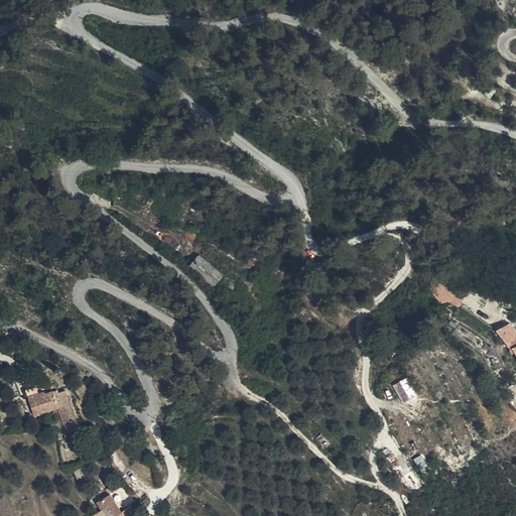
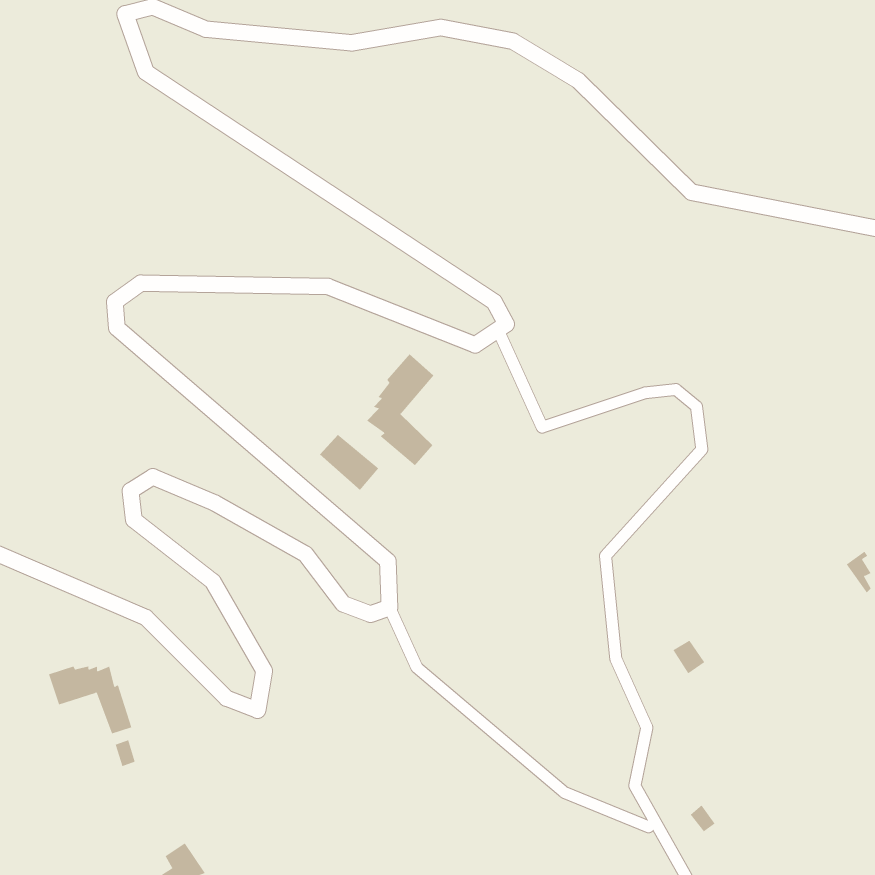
building: none -> [366,354,434,466]

